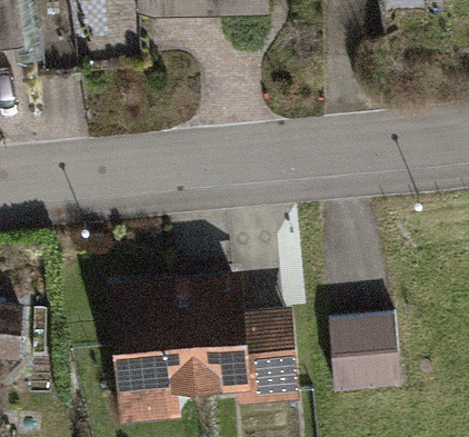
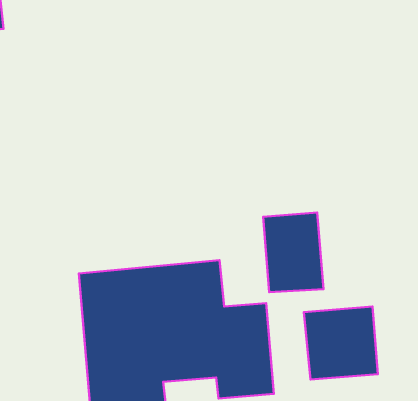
building: none -> [263,212,323,292]

